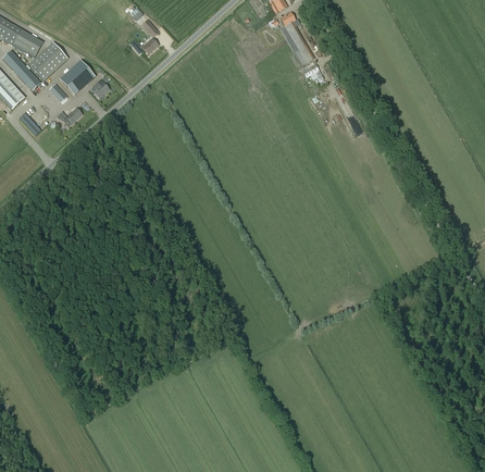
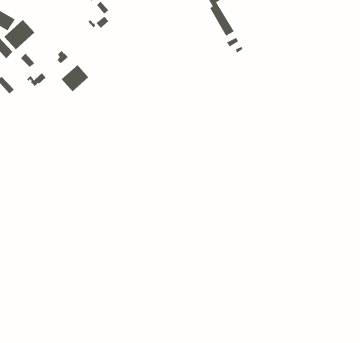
building: [60,59,95,94] -> [61,64,89,92]

